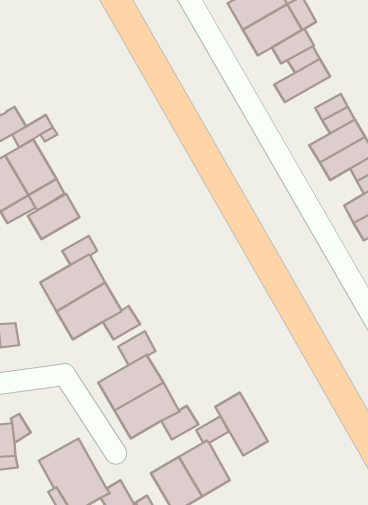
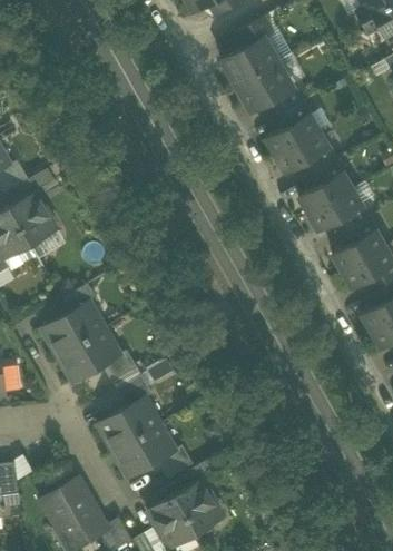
building: none -> [275,131,328,173]
building: [28,194,80,239] -> none
building: [215,392,268,456] -> none

